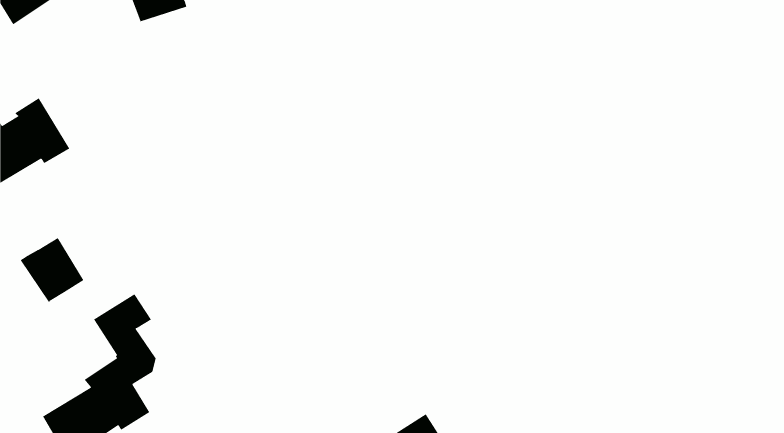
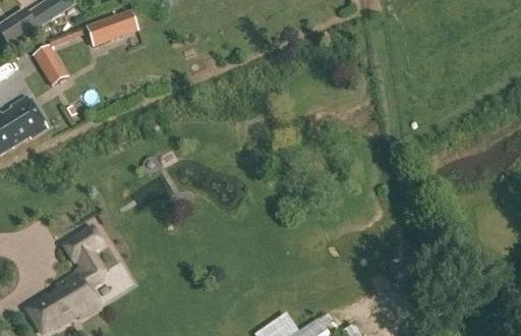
building: none -> [33,44,69,86]
building: [20,237,84,303] -> none

